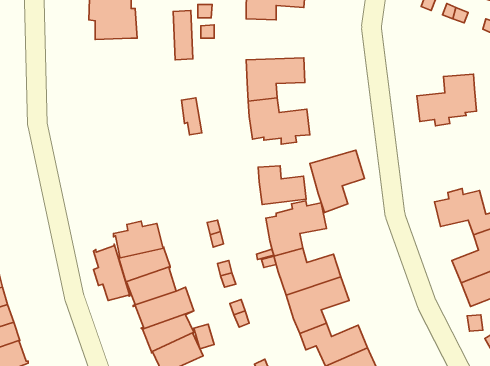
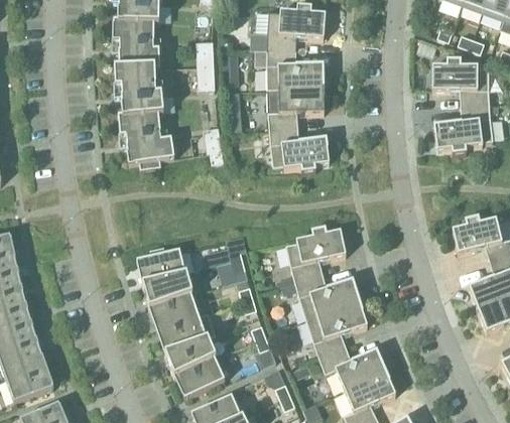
building: none -> [265,48,323,89]
building: none -> [431,57,489,105]
building: none -> [113,67,172,168]
building: [310,150,364,212] -> none
building: [258,166,306,204] -> none
building: [93,244,130,300] -> none

